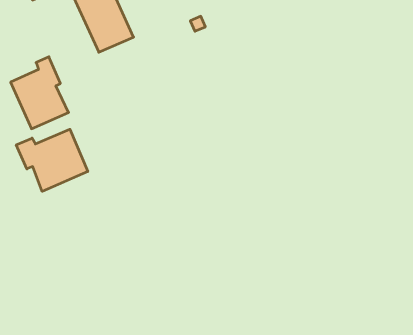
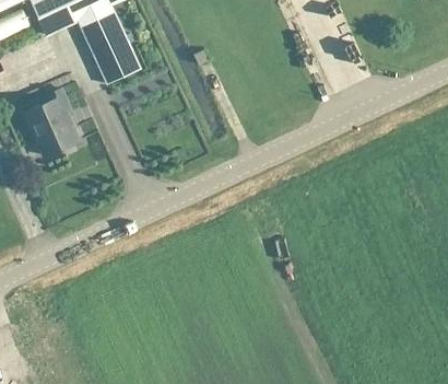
building: [16,129,88,191] -> none

